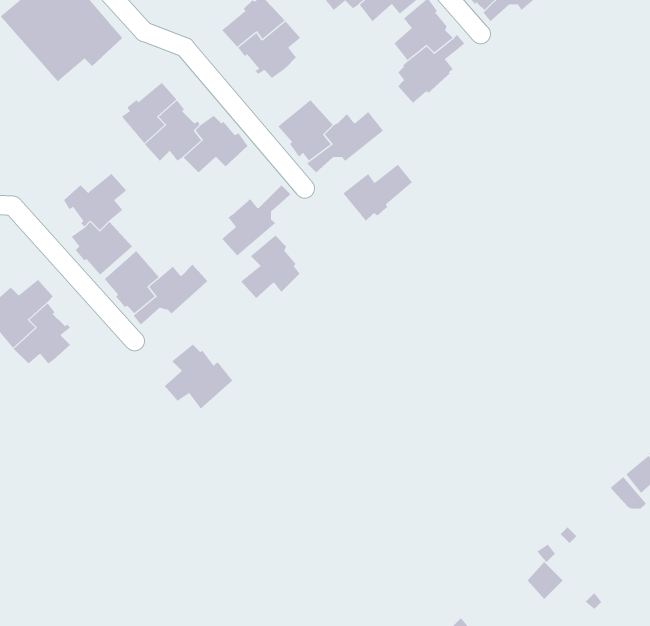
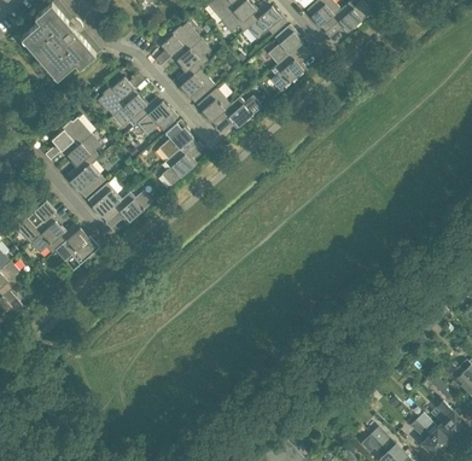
building: none -> [176,70,214,104]
building: none -> [51,118,92,152]
building: [342,164,413,221] -> none
building: [241,235,300,299] -> [158,121,196,161]
building: [164,344,233,409] -> [56,226,99,267]

